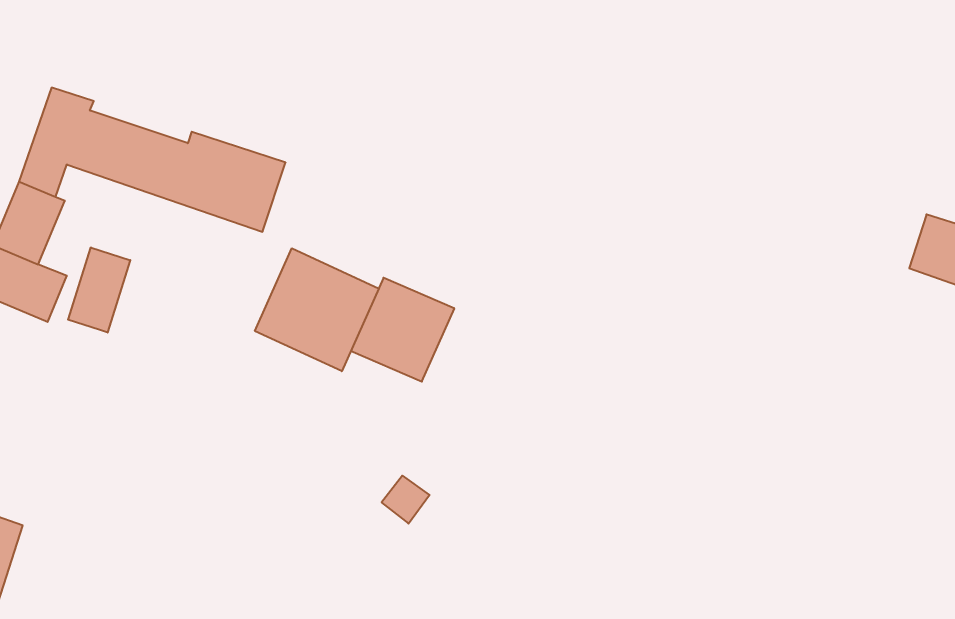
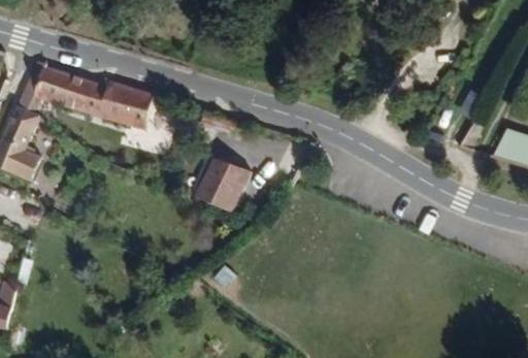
building: [68,247,130,333] -> none
building: [255,248,379,371] -> none

